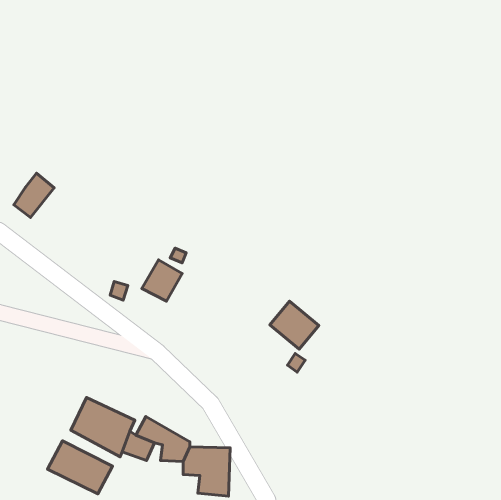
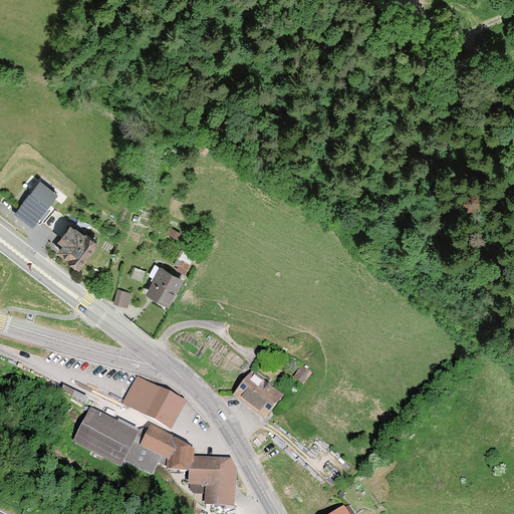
building: none -> [56,222,98,263]
building: [270,301,319,349] -> [236,373,286,423]
building: [48,441,113,494] -> [122,376,189,431]

